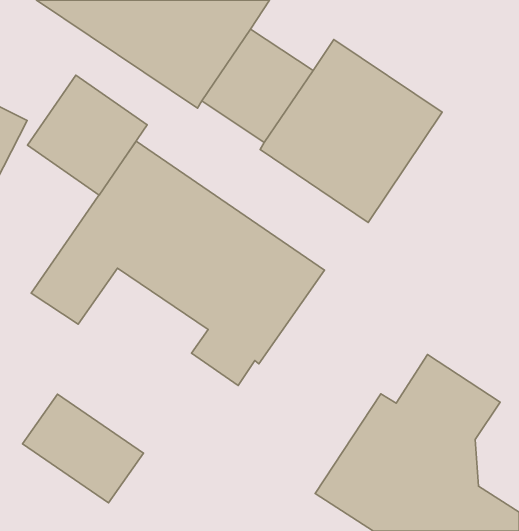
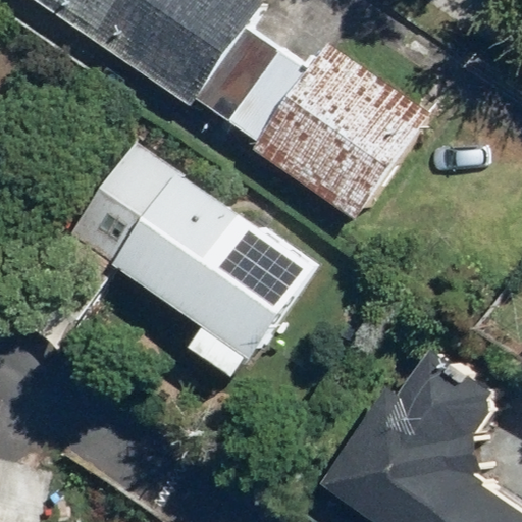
building: [28,75,147,195] -> none
building: [22,394,144,503] -> none

